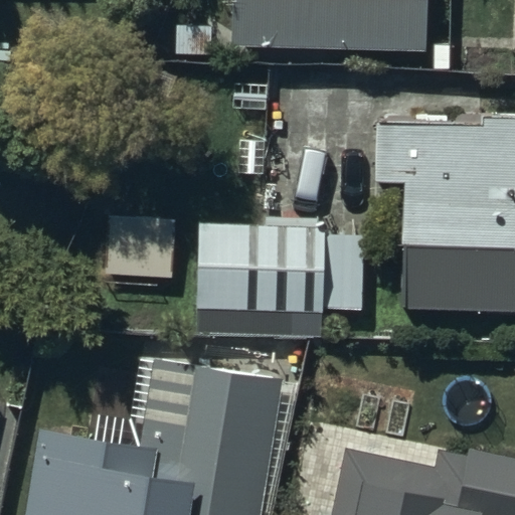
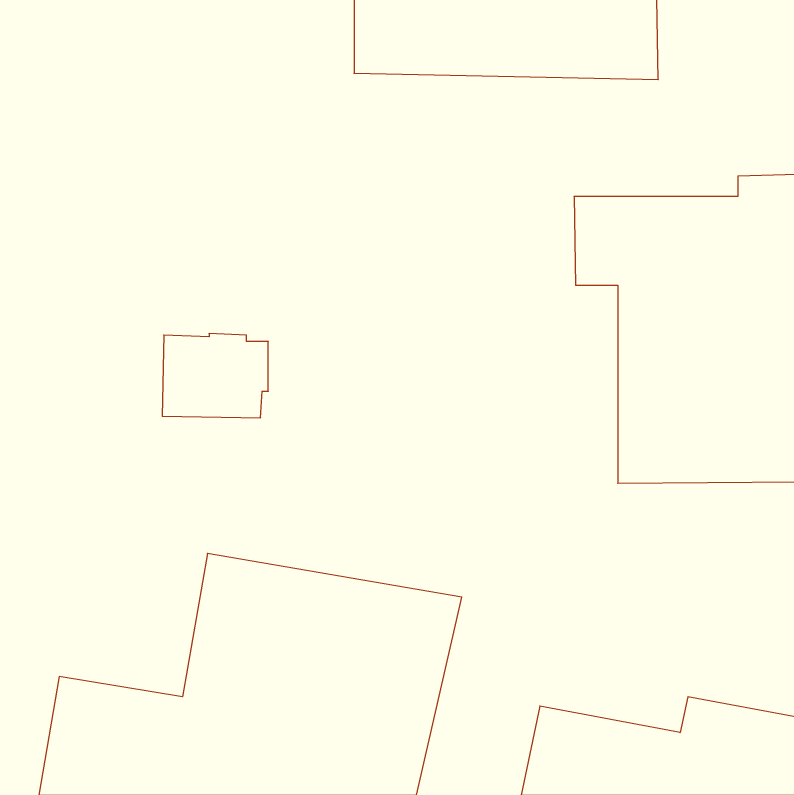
building: [196,225,363,335] -> none

